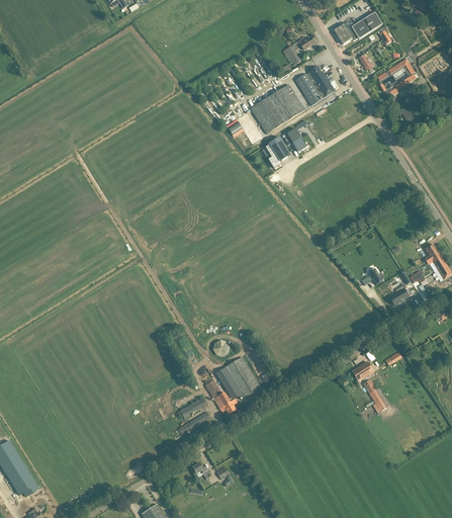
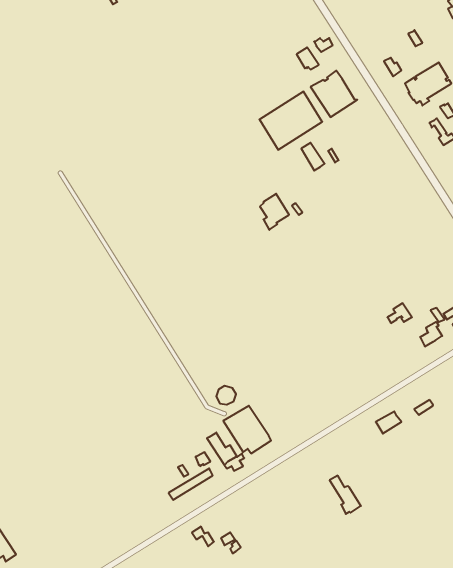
building: [334,11,381,44] -> none
building: [265,136,290,167] -> [260,194,289,230]
building: [362,378,389,412] -> [330,476,361,514]

